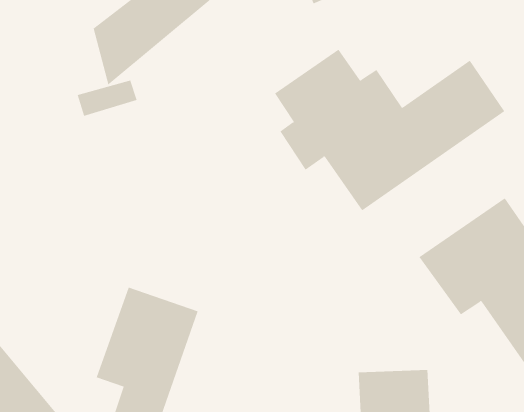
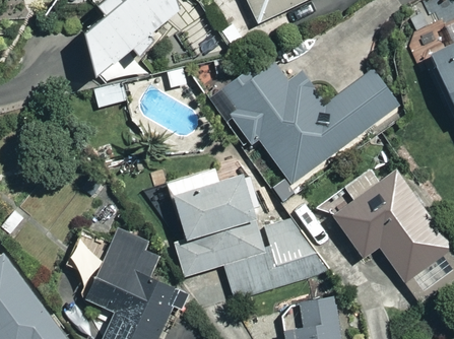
building: none -> [178,178,318,292]

